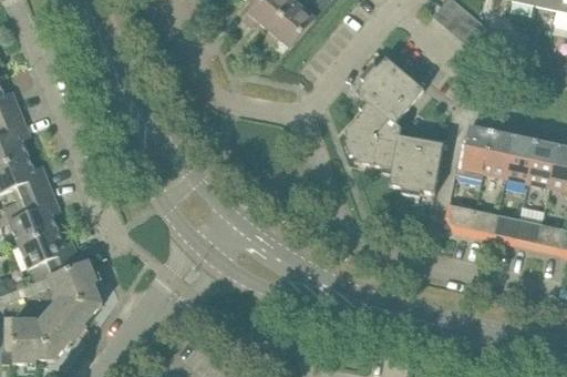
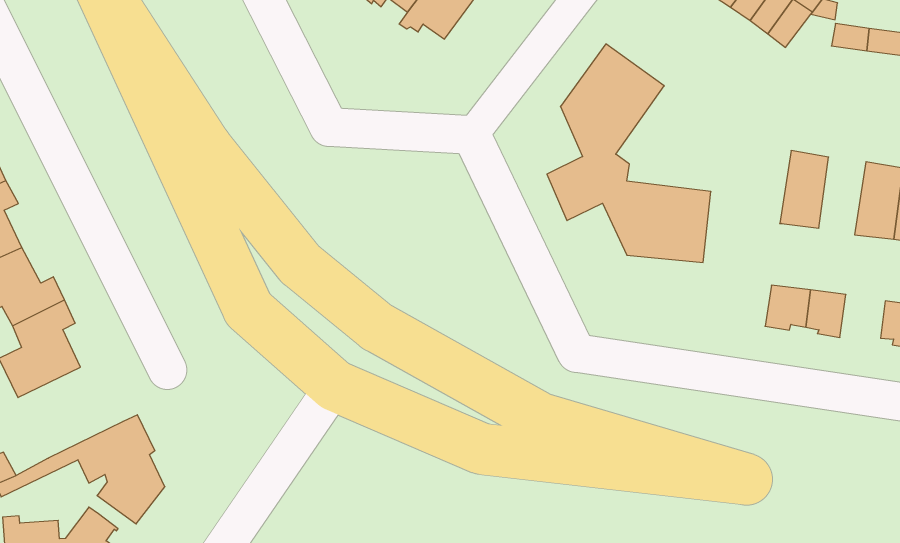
building: [455,125,493,179] -> none
building: [506,135,537,183] -> none
building: [446,203,475,234] -> none
building: [514,218,543,247] -> none
building: [19,228,81,282] -> none

